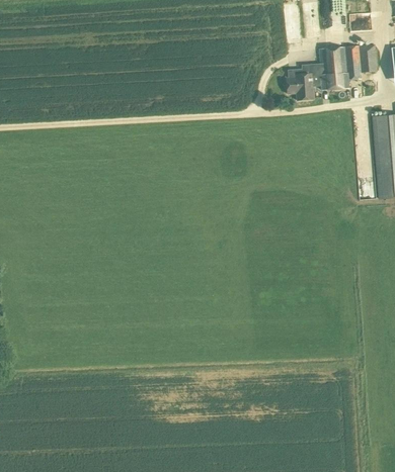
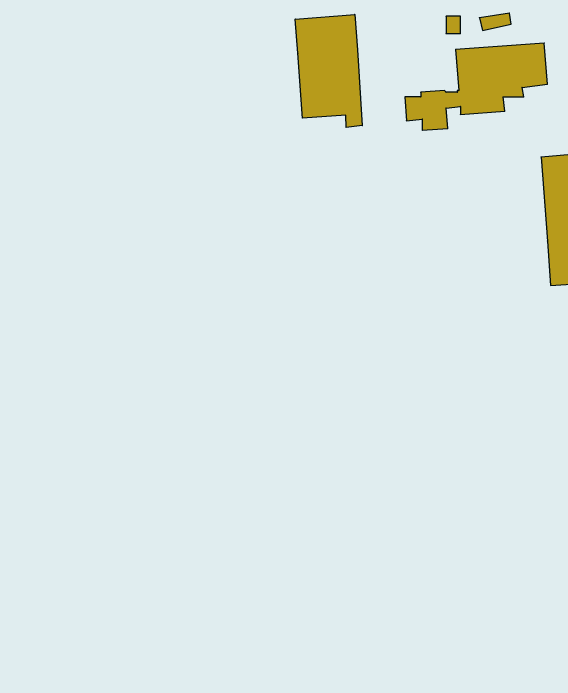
building: none -> [295,14,362,127]

